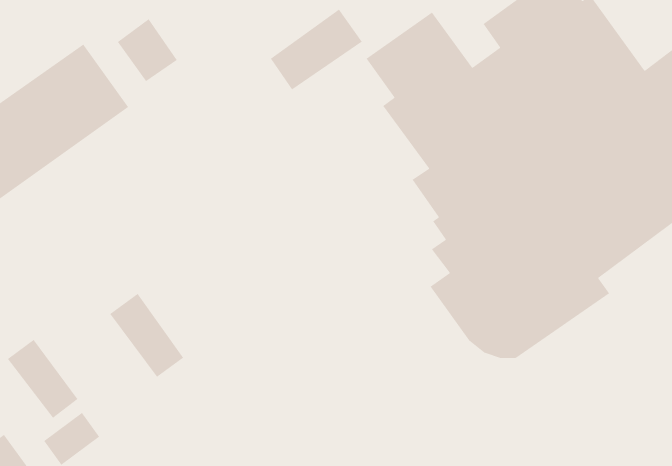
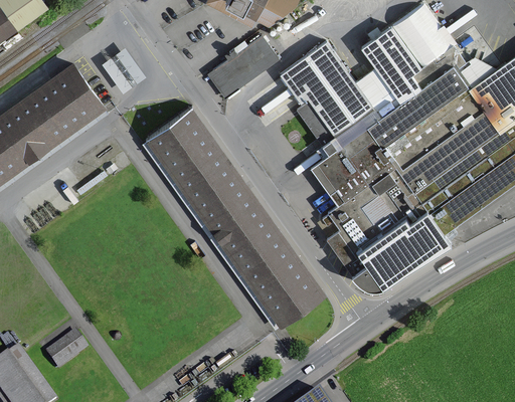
building: none -> [146,110,324,328]
building: [109,293,184,378] -> none
building: [7,339,78,419] -> none

